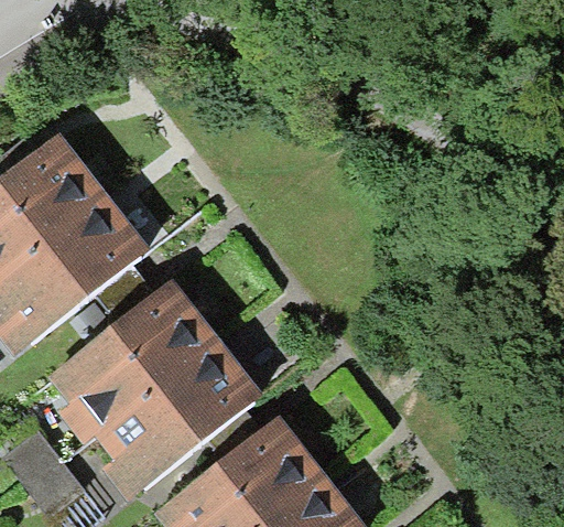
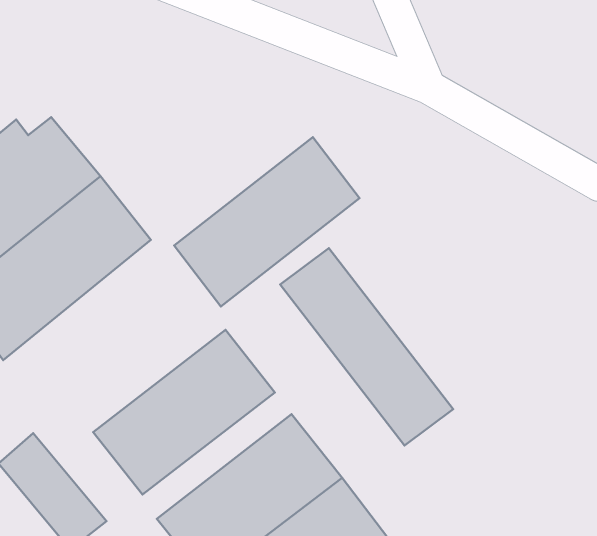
building: none -> [174,137,360,307]
building: none -> [280,248,453,446]
building: [51,279,216,430] -> none

